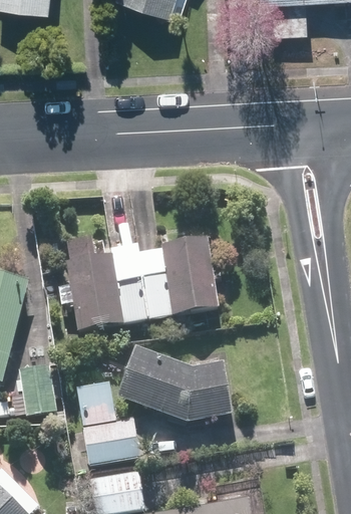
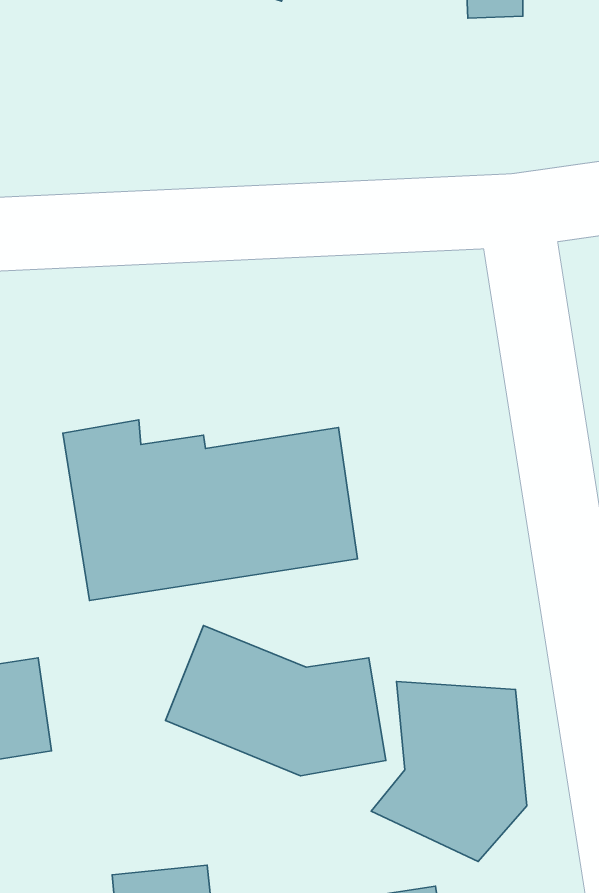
building: none -> [371,681,527,861]
building: [77,382,141,466] -> none

